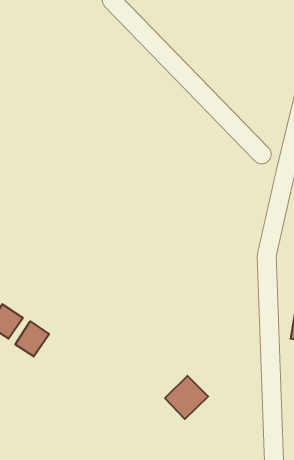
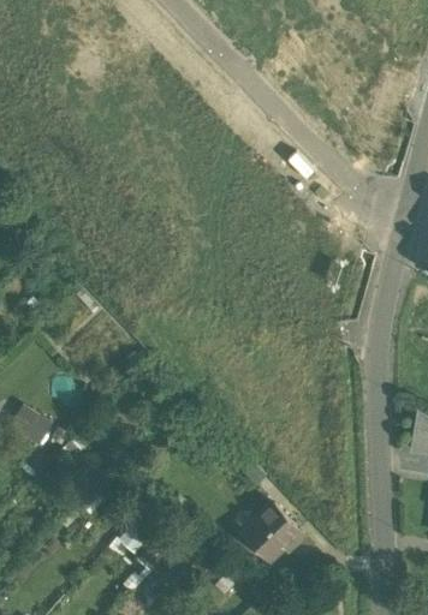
building: [15,321,49,357] -> none

